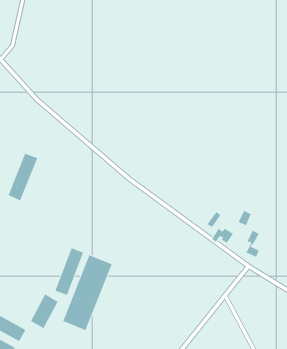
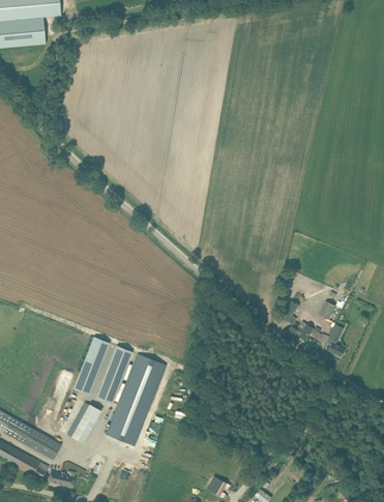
building: [8,153,38,201] -> [73,335,109,394]

